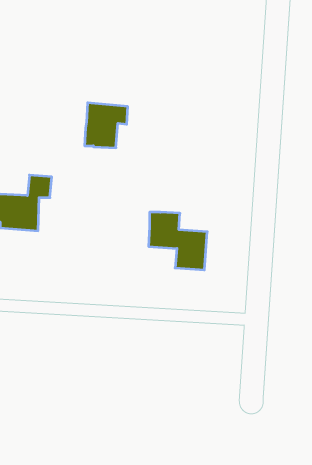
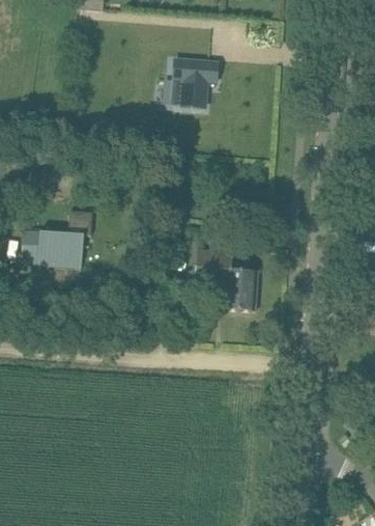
building: [85,103,128,148] -> [172,58,218,106]

